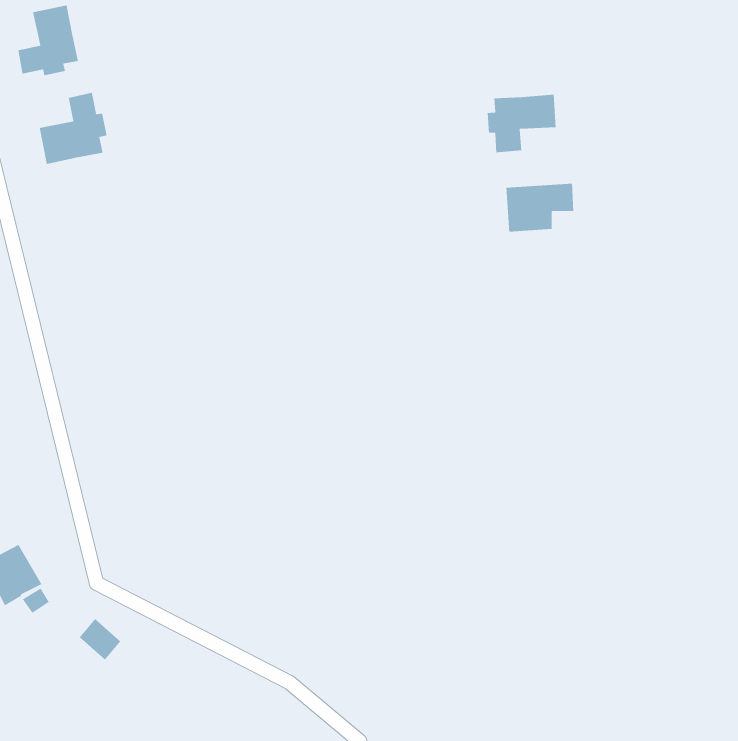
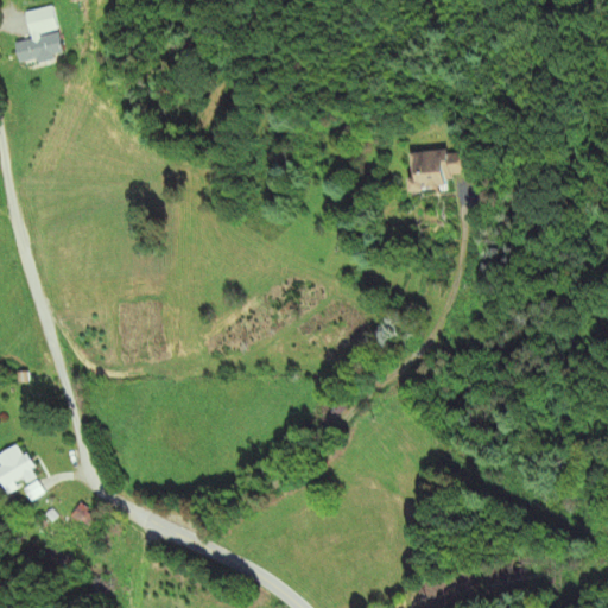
building: [39,92,108,165] -> none
building: [487,94,557,153] -> none

